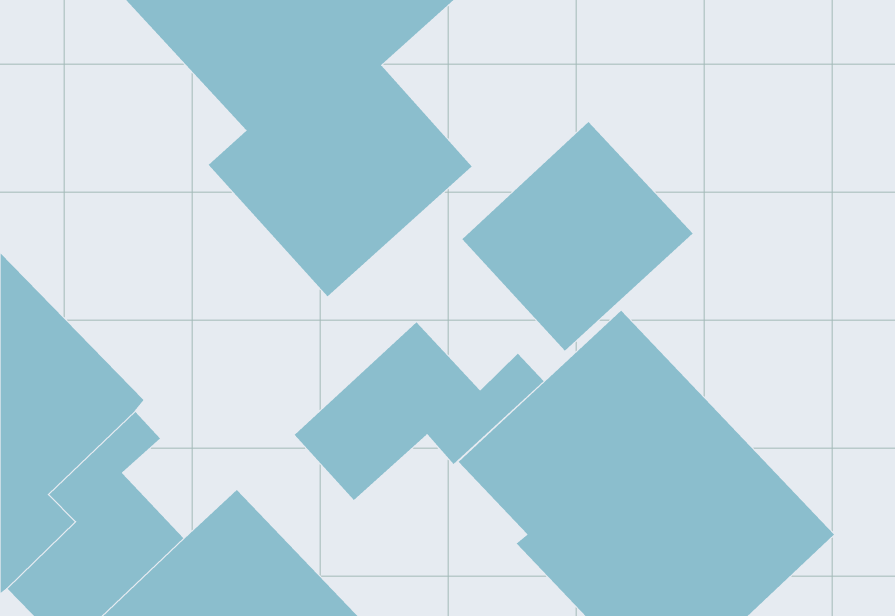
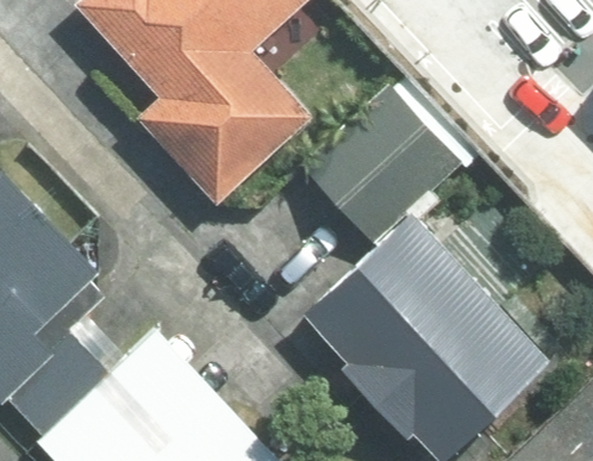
building: [294,321,545,501] -> none

